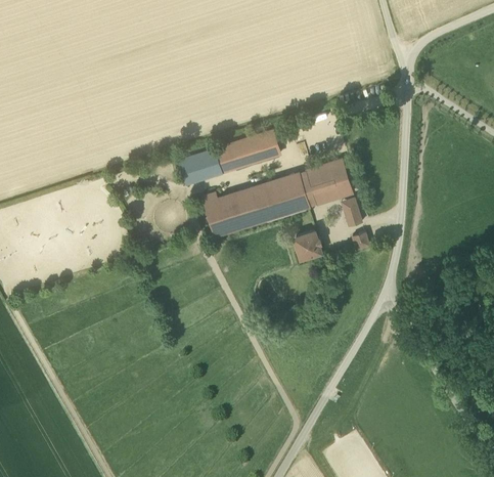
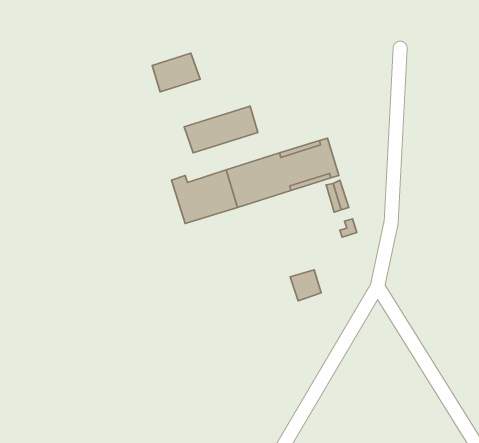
building: [179,149,222,184] -> [152,53,200,92]
building: [294,231,321,259] -> [290,270,321,301]

